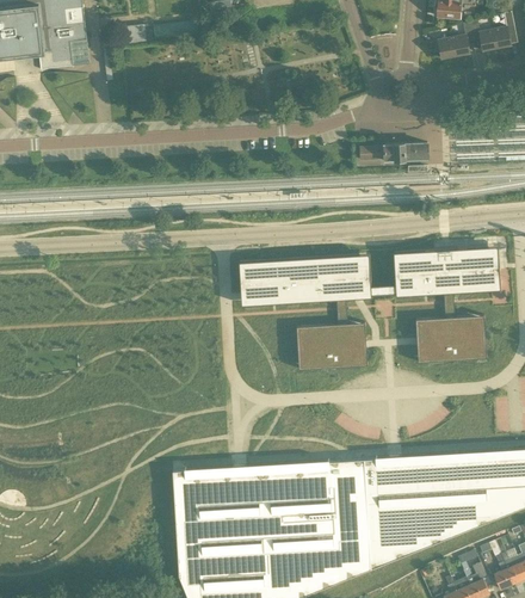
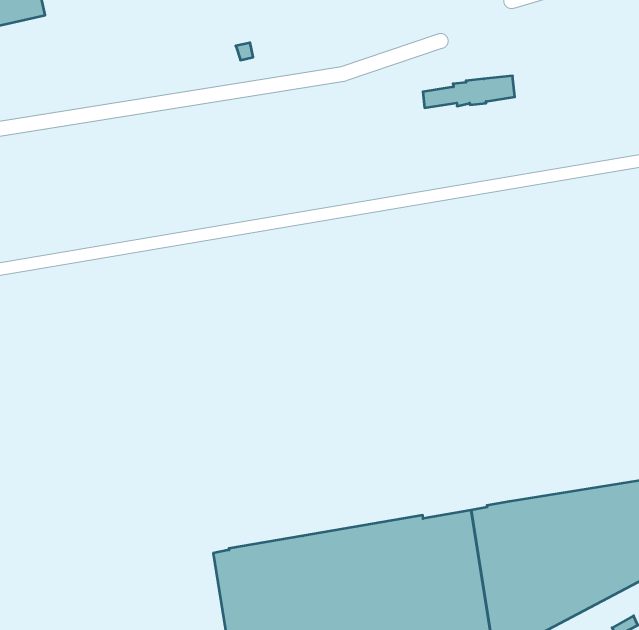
building: [237,243,499,366] -> none

